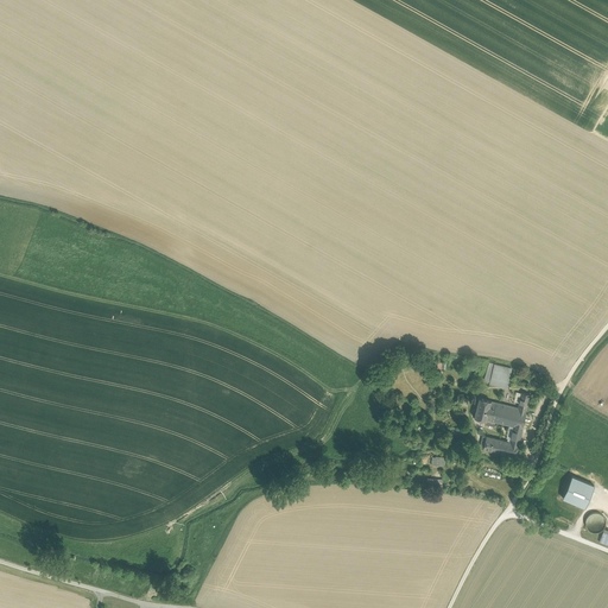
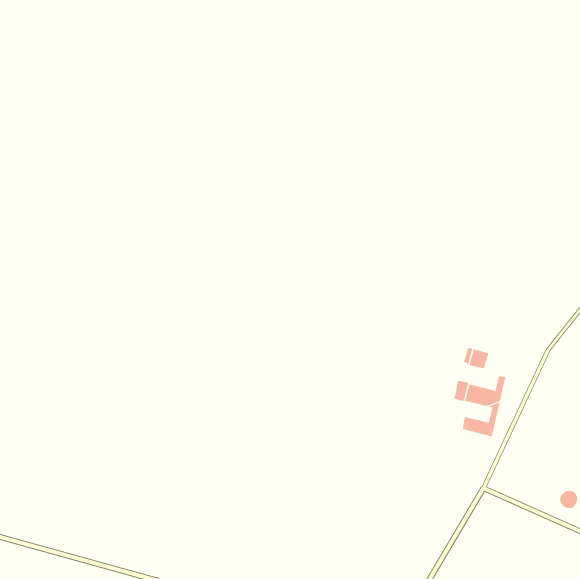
building: [559,476,591,508] -> none

